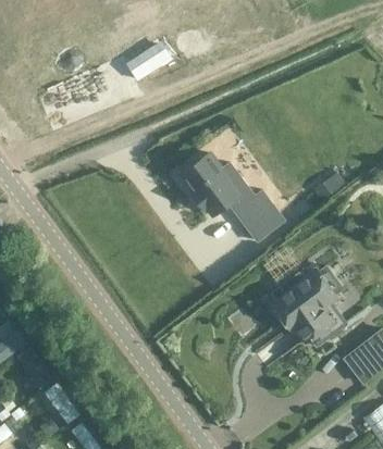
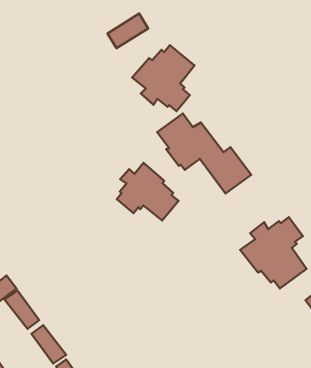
building: none -> [132,45,194,111]
building: none -> [117,163,179,221]

